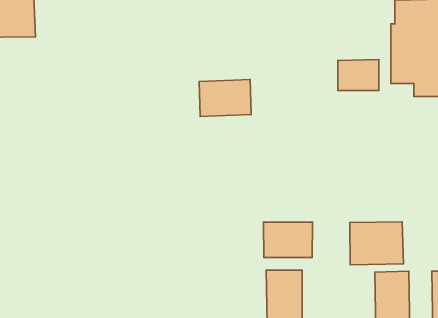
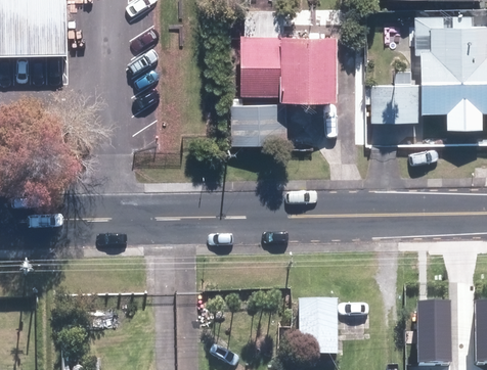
building: none -> [241,31,339,92]
building: [350,222,403,265] -> none
building: [263,222,312,257] -> none

